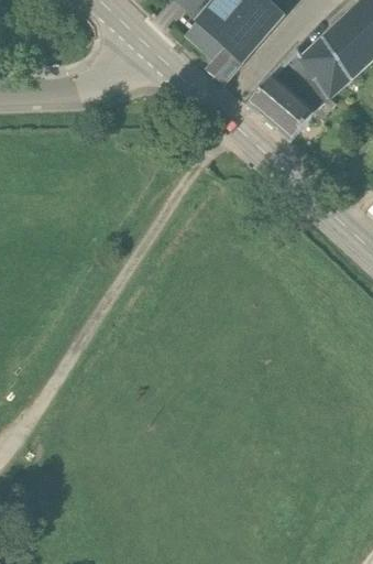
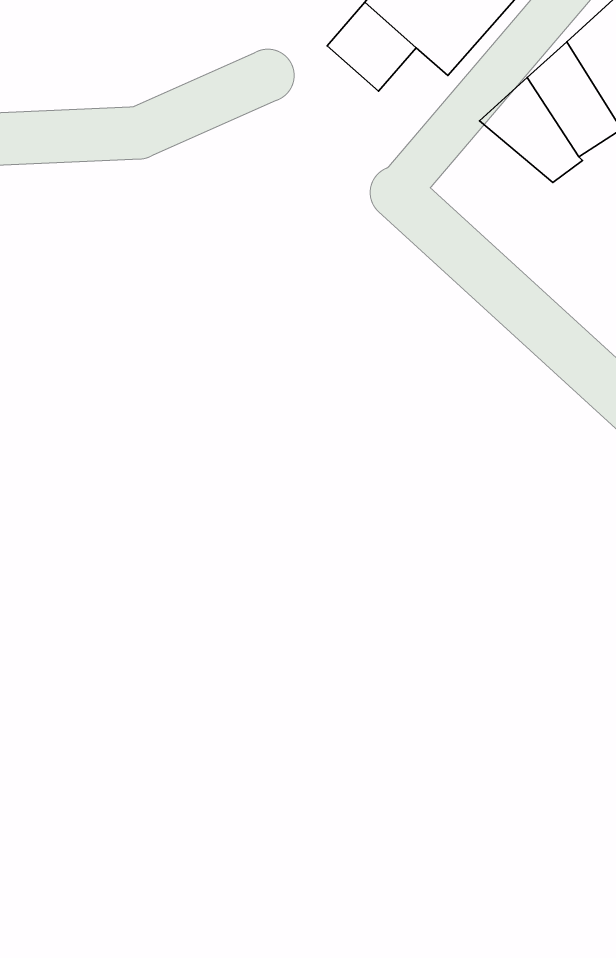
building: [219,31,257,70] -> none
building: [251,72,316,134] -> none

